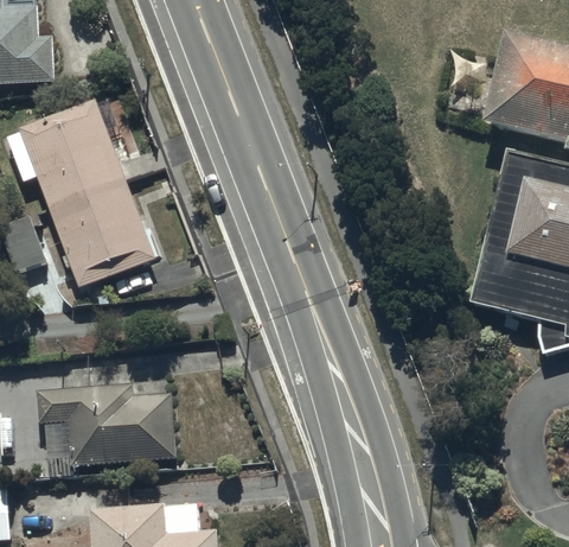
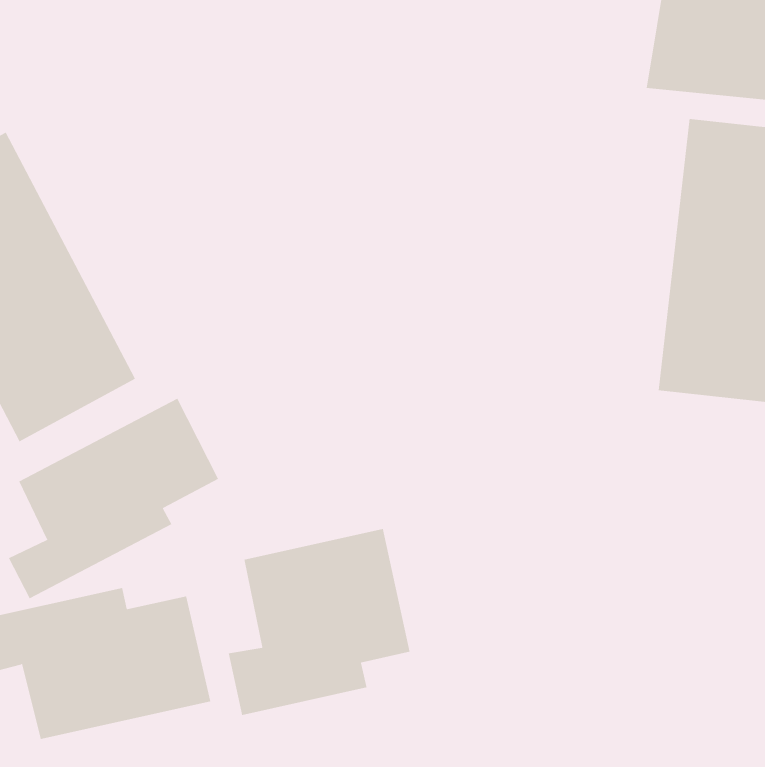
building: none -> [8,398,219,599]
building: none -> [228,528,410,716]

